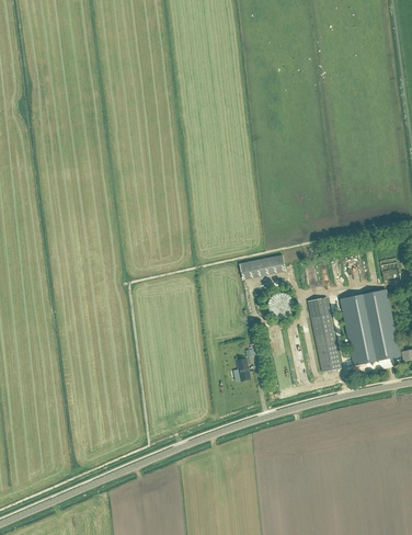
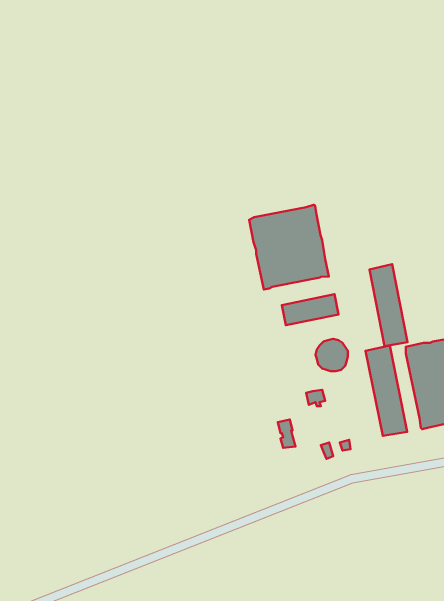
building: none -> [249,205,329,290]
building: none -> [369,264,408,346]

